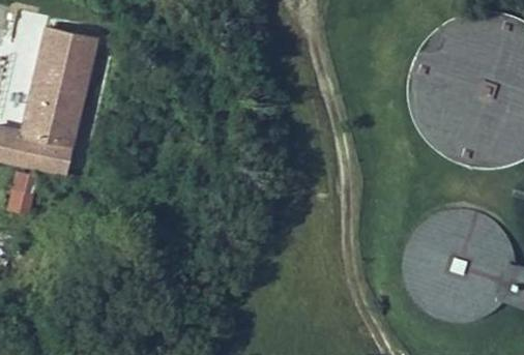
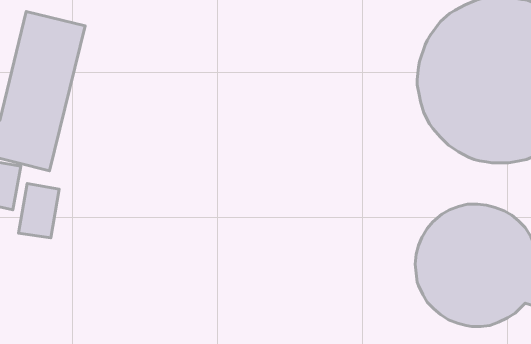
building: none -> [18,183,59,238]

